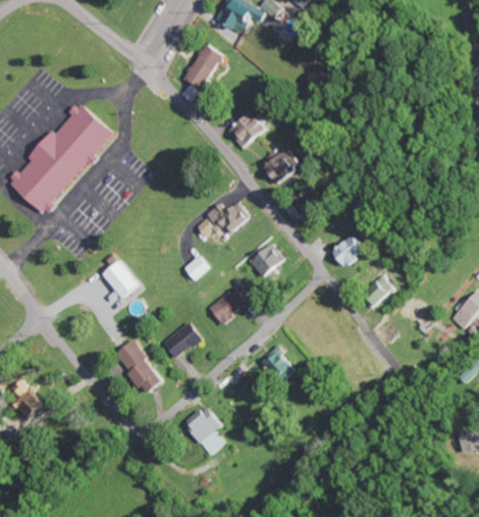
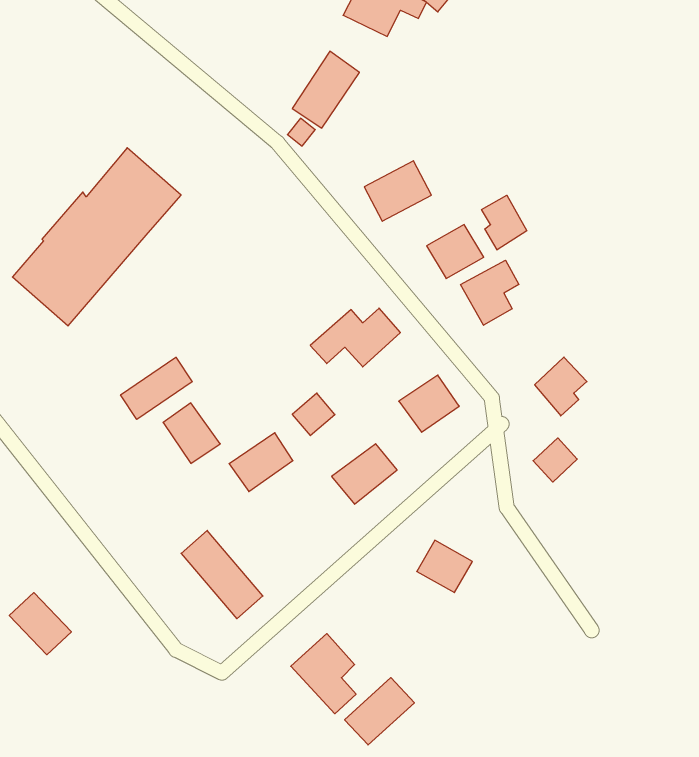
building: none -> [482,195,527,250]
building: none -> [461,260,519,325]
building: none -> [121,357,192,419]
building: [365,275,392,303] -> [533,438,577,482]
building: [160,322,200,359] -> [229,433,293,492]
building: none -> [345,678,414,745]

